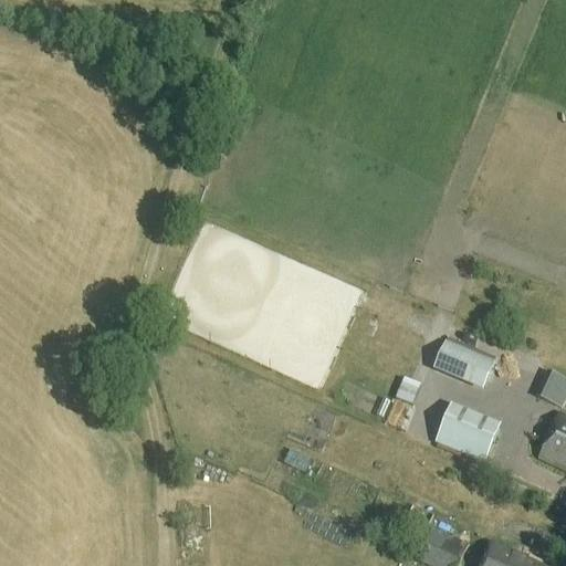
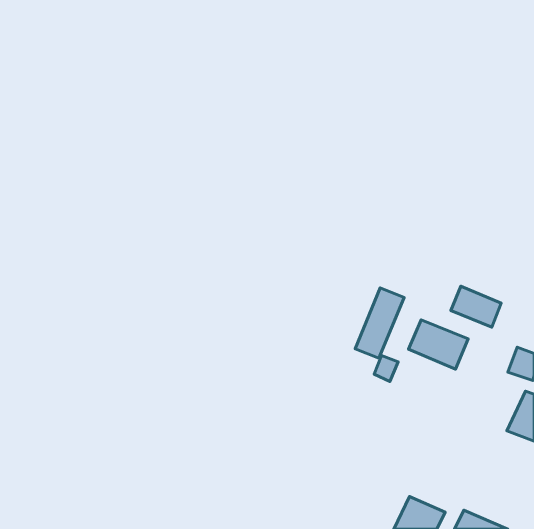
building: none -> [451,286,501,327]
building: none -> [355,288,404,358]
building: [434,401,501,460] -> none

